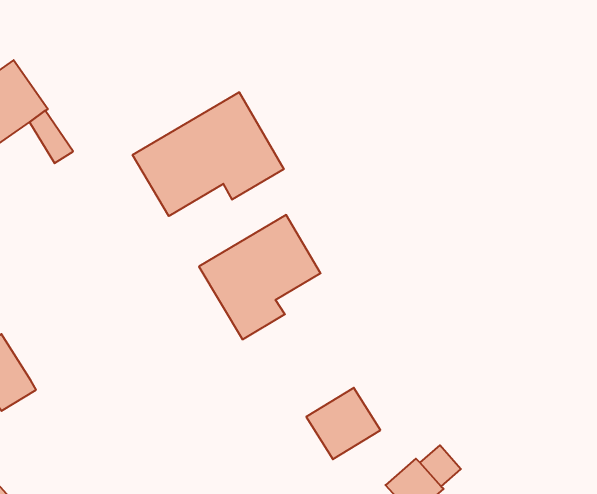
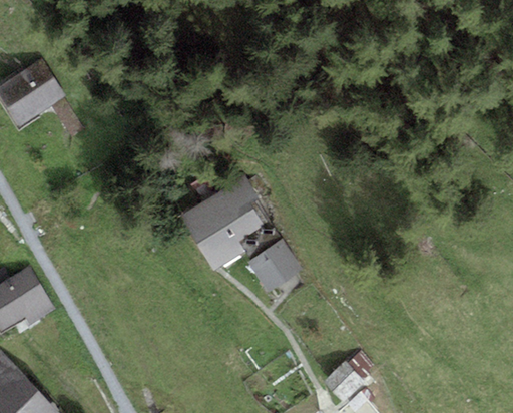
building: [133,92,284,216] -> none
building: [306,388,380,459] -> [246,240,303,294]

